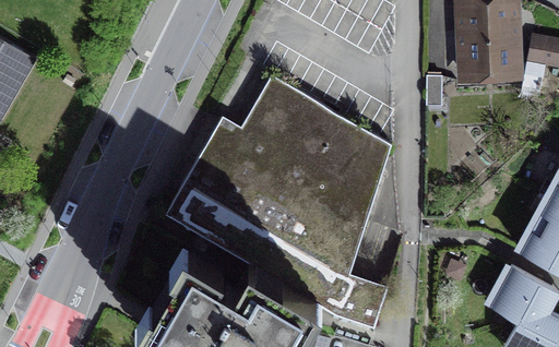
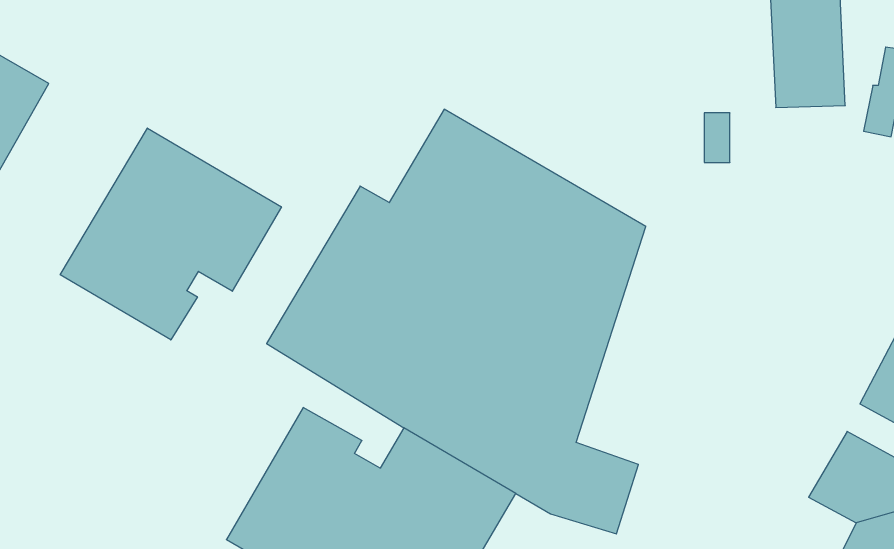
building: none -> [60,128,281,340]

